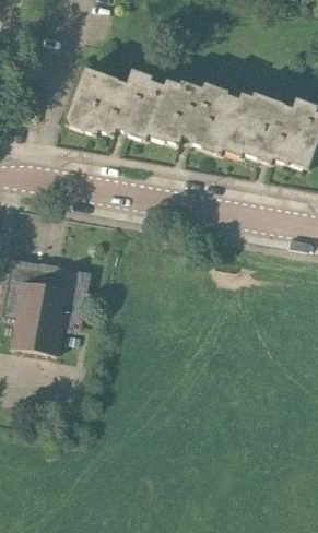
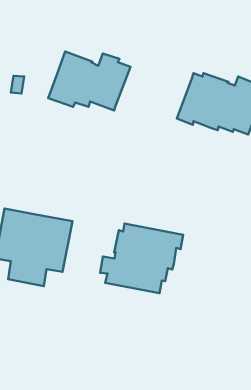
building: [146,80,240,154] -> none
building: none -> [100,223,183,293]

